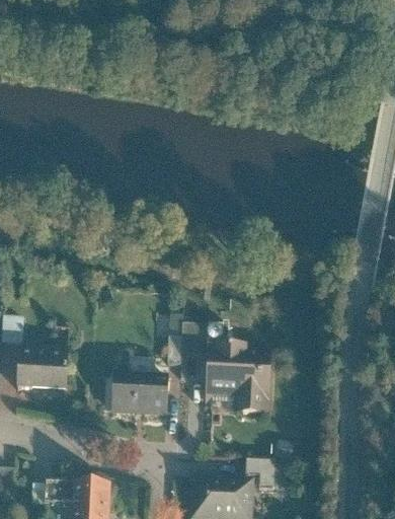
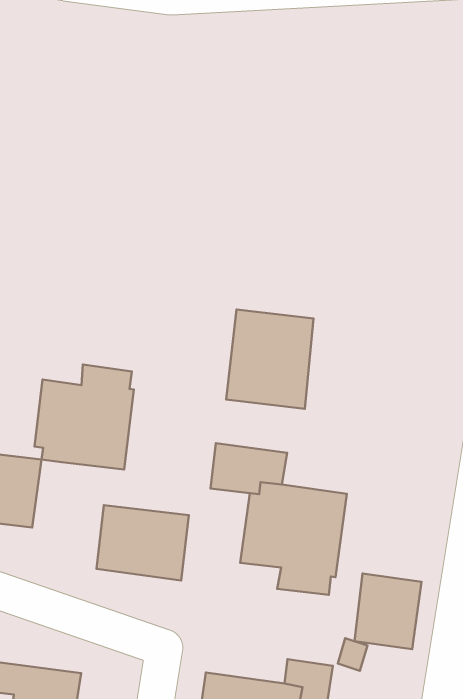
building: none -> [226,310,313,409]
building: none -> [35,365,134,469]
building: none -> [355,574,422,649]

